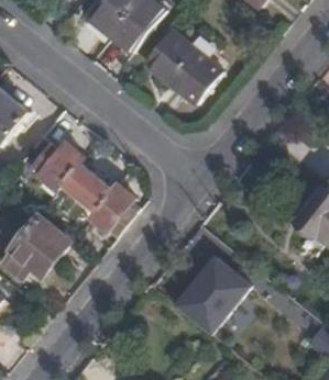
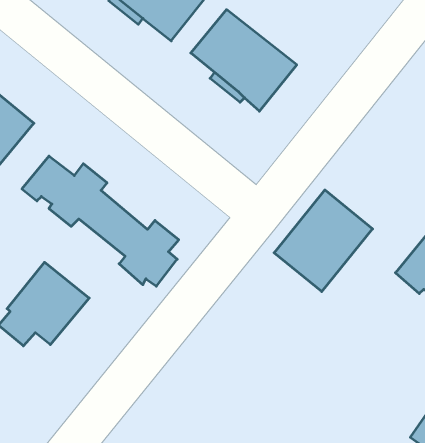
building: [174,259,246,334] -> [274,190,373,292]

